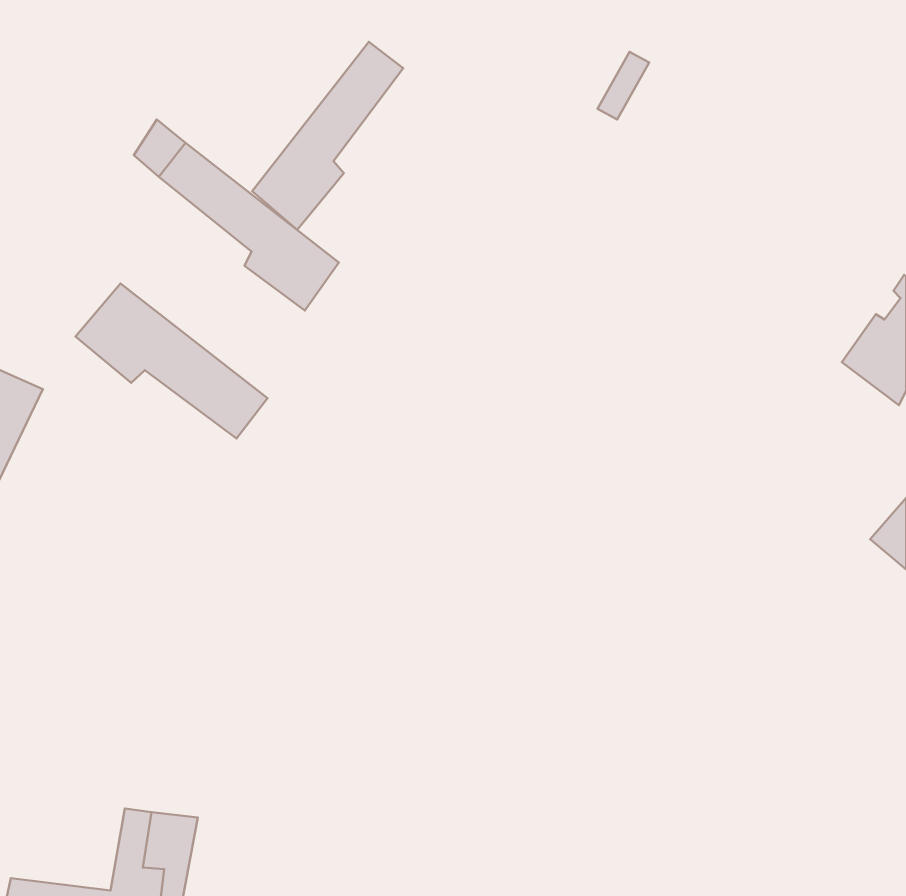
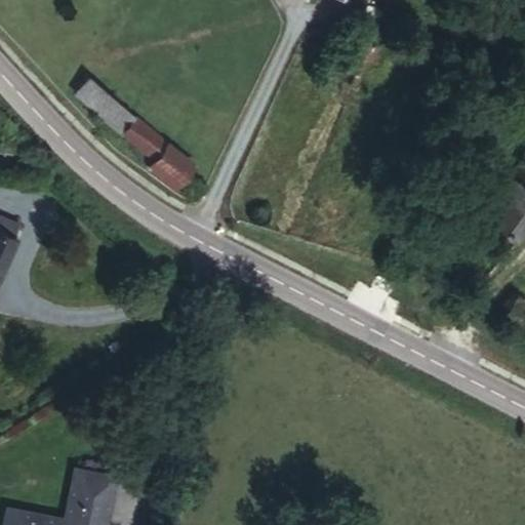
building: [252,42,403,230] -> none
building: [76,283,268,438] -> none

